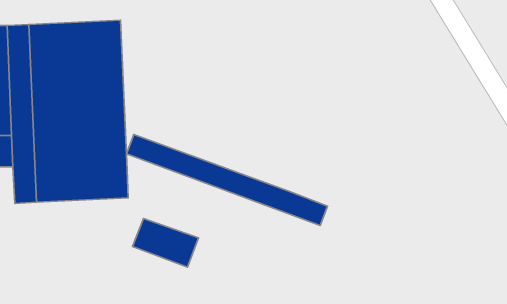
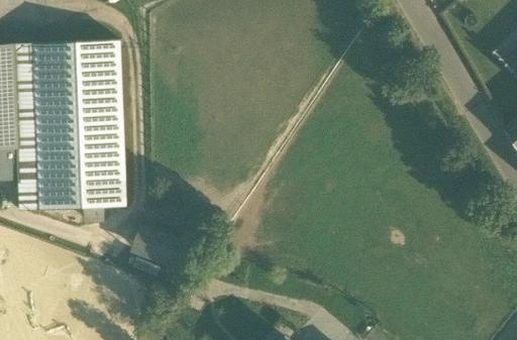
building: [126,135,328,226] -> none

